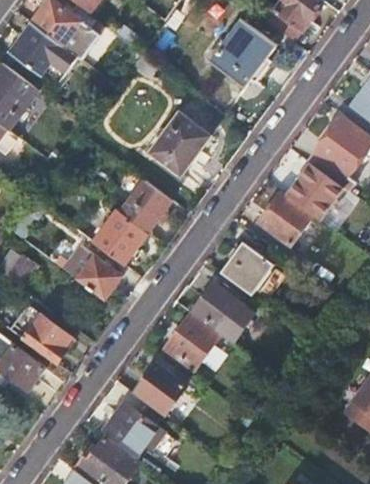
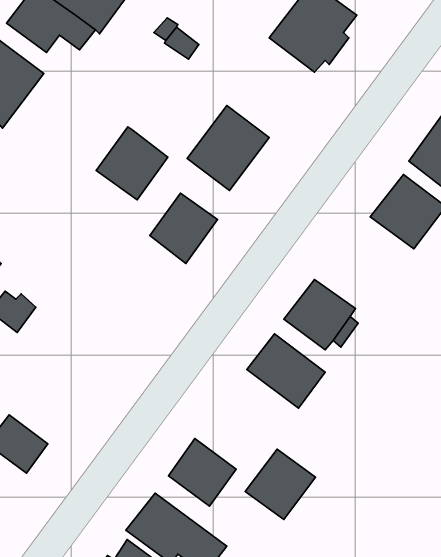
building: [258,194,311,247] -> none
building: [92,208,146,263] -> [96,127,168,200]
building: [76,251,122,309] -> none
building: [22,314,69,363] -> none
building: [164,317,217,370] -> [245,449,316,519]

